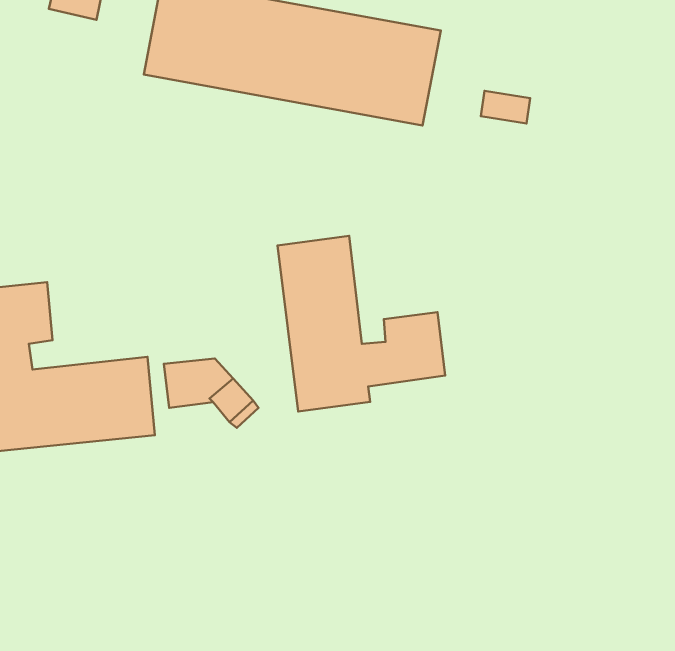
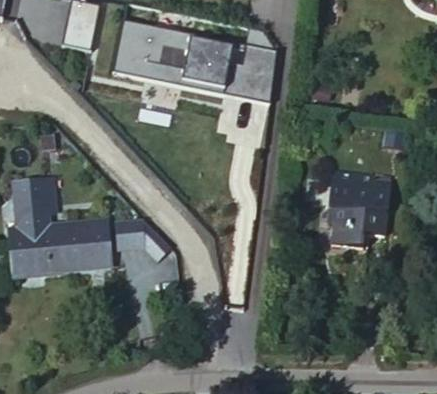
building: [277,236,445,412] -> none
building: none -> [318,163,383,242]

